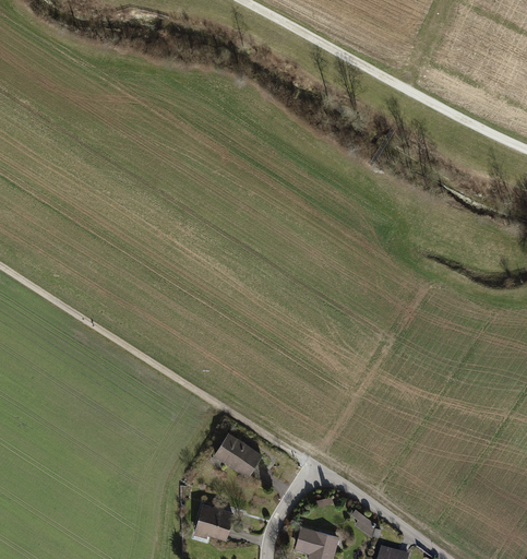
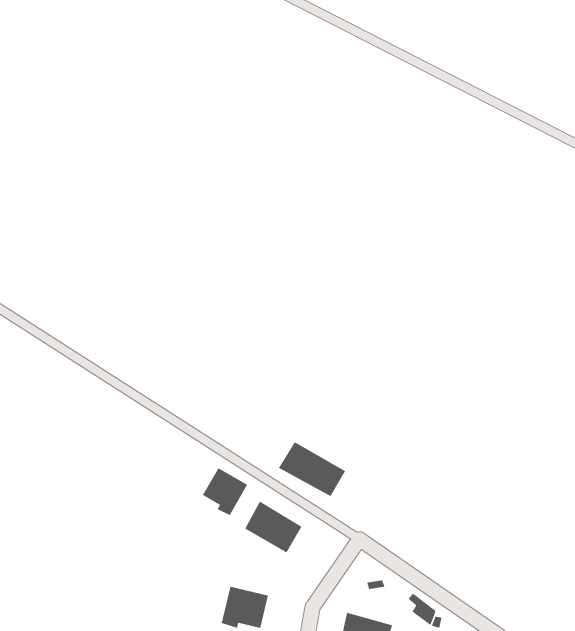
building: none -> [278,441,346,497]
building: none -> [202,467,248,516]

